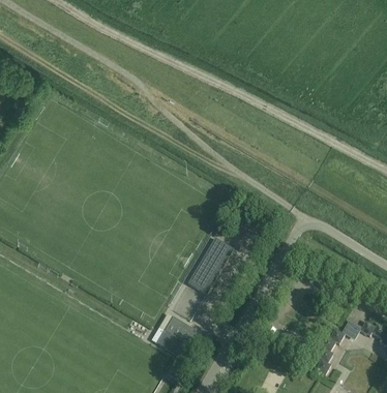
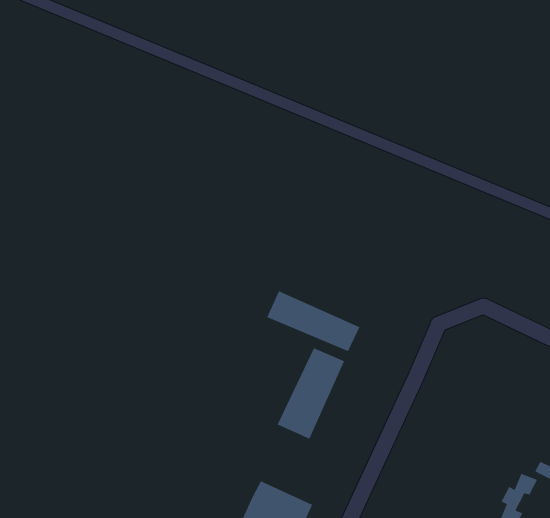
building: none -> [266,290,360,352]

